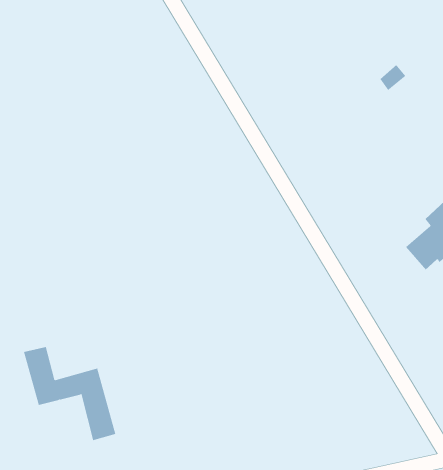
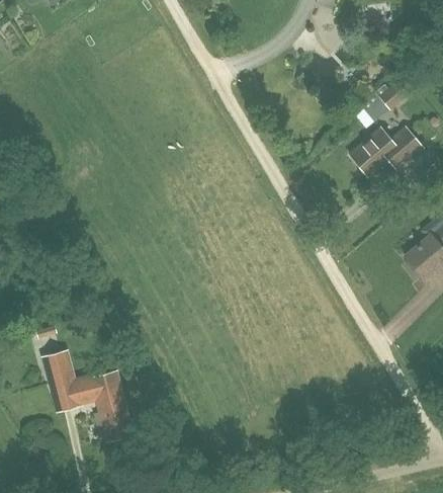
building: none -> [350,126,423,176]

